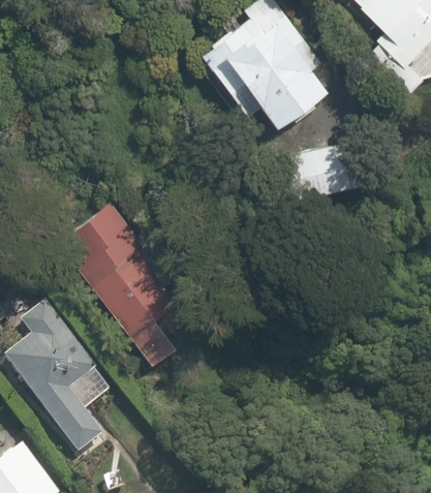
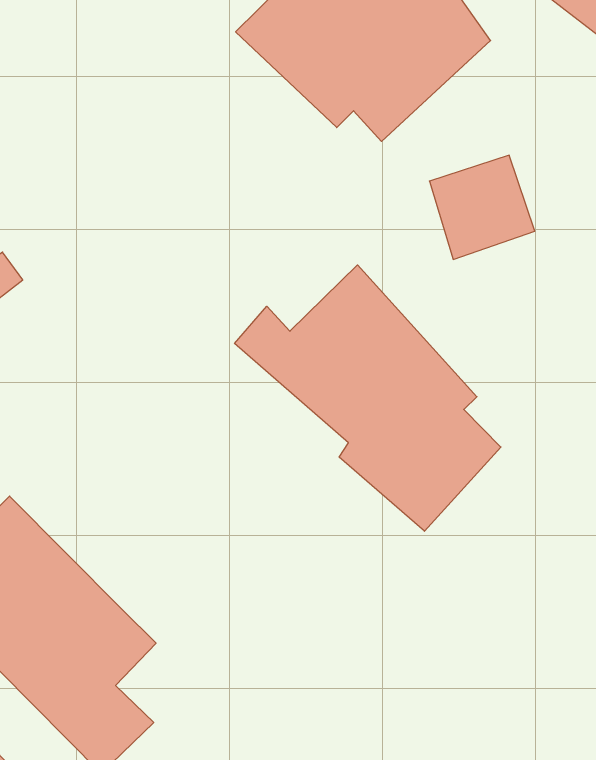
building: none -> [235,265,501,531]
building: [64,198,177,365] -> none

